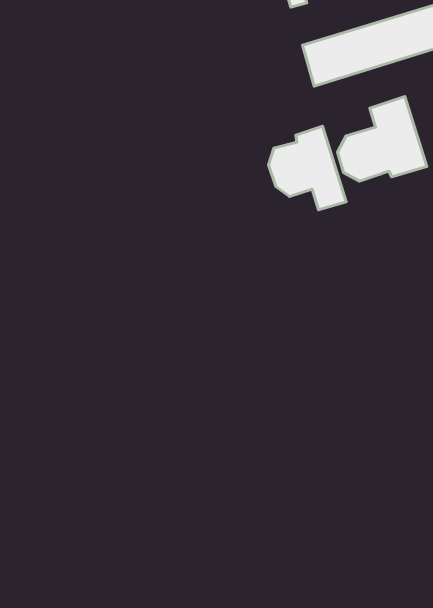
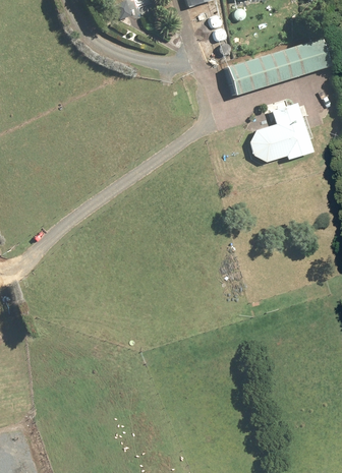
building: [269,126,346,210] -> none

